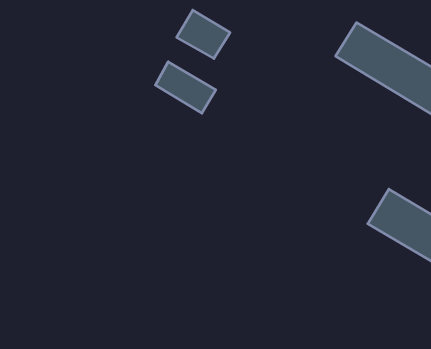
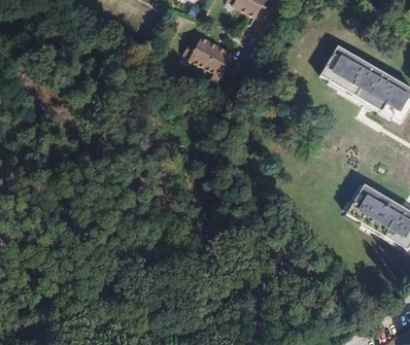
building: [155,62,216,113] -> none

